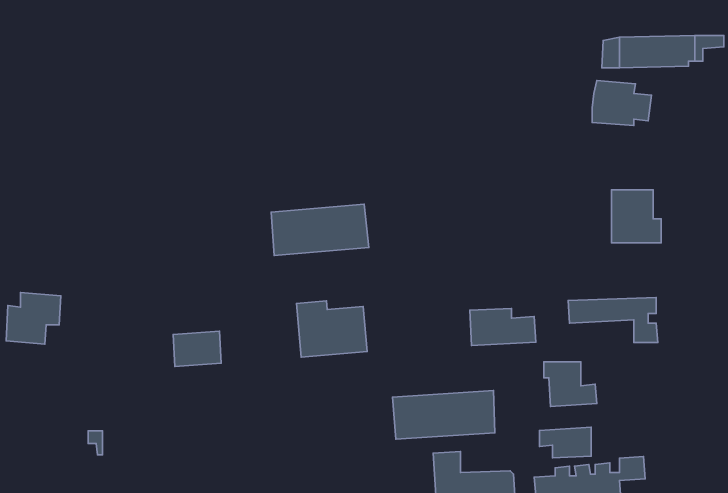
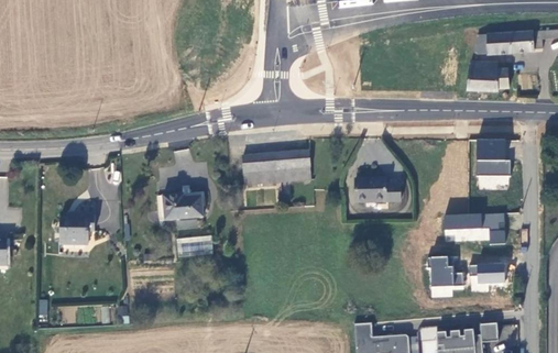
building: none -> [157,195,200,221]
building: [297,301,367,357] -> none
building: [470,309,536,345] -> [352,180,397,206]
building: [393,391,495,439] -> none
building: [540,427,591,458] -> [471,264,506,285]

